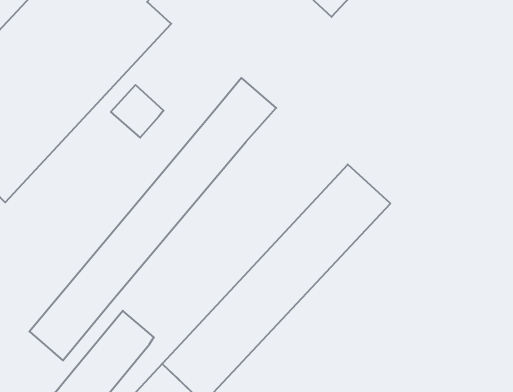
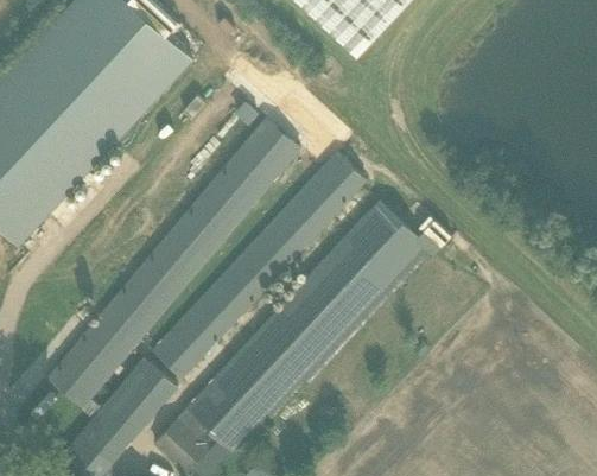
building: [111,85,164,138] -> none
building: none -> [150,153,362,381]

